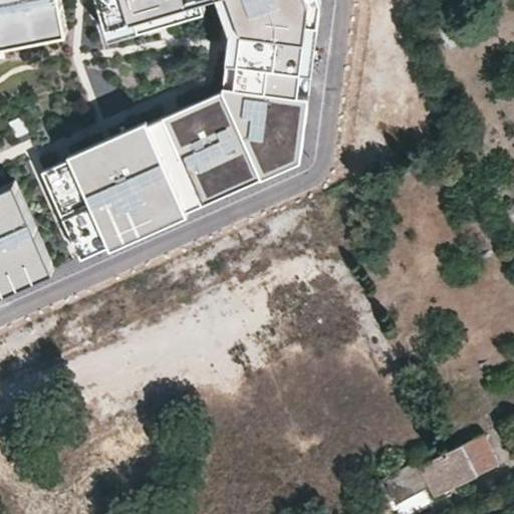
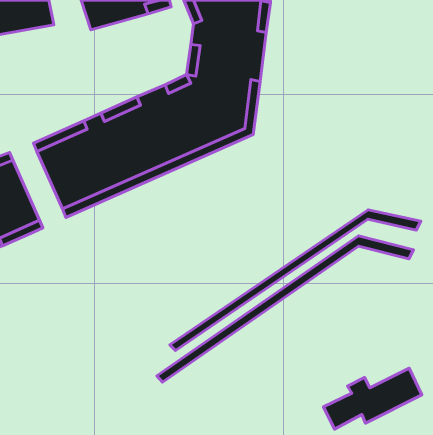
building: none -> [170,210,421,351]
building: none -> [157,236,414,382]

